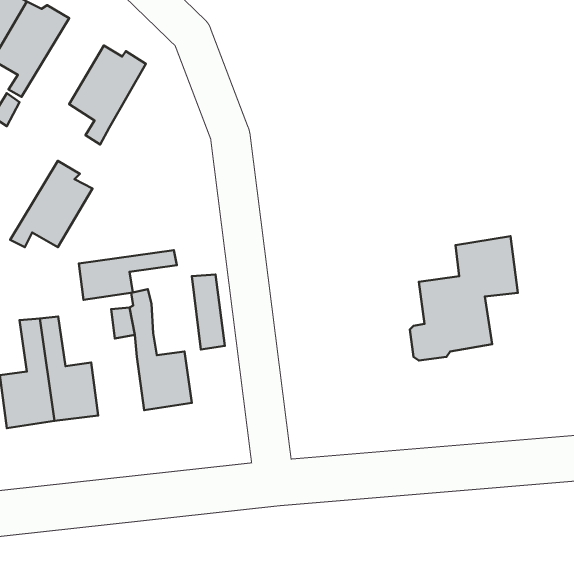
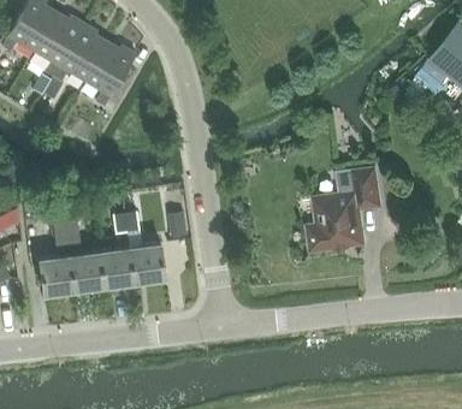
building: [10,161,93,247] -> [54,25,108,82]
building: [79,250,177,300] -> none
building: none -> [100,248,135,286]

